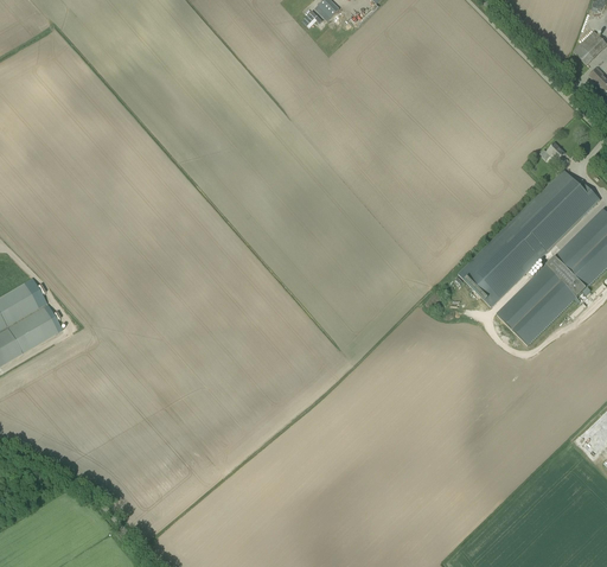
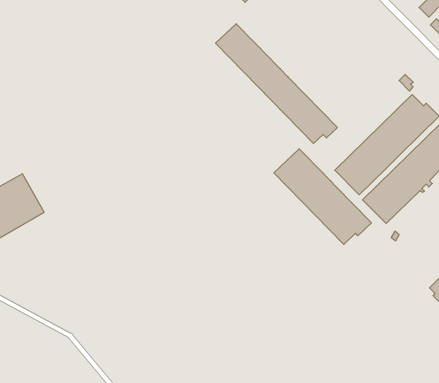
building: none -> [216,24,337,143]
building: none -> [274,149,371,244]

